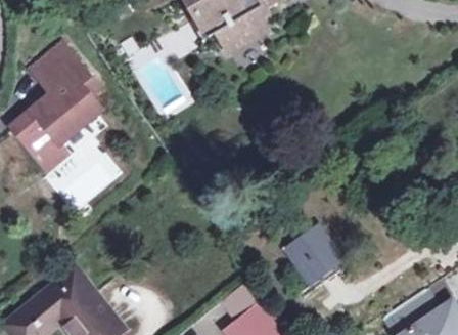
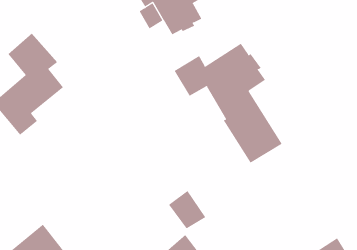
building: none -> [174,43,282,164]
building: [290,229,335,276] -> [168,190,206,229]

